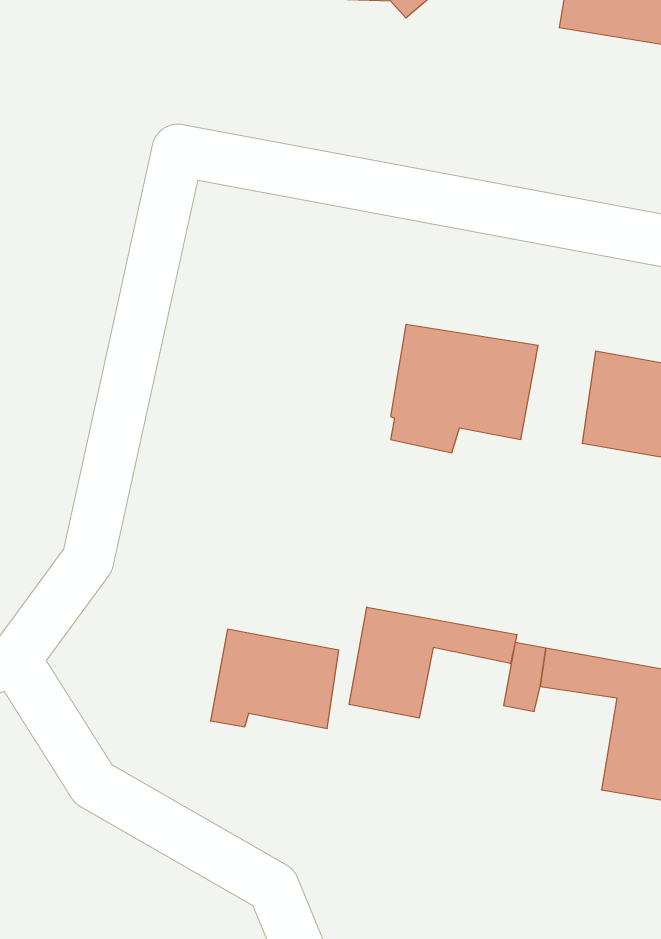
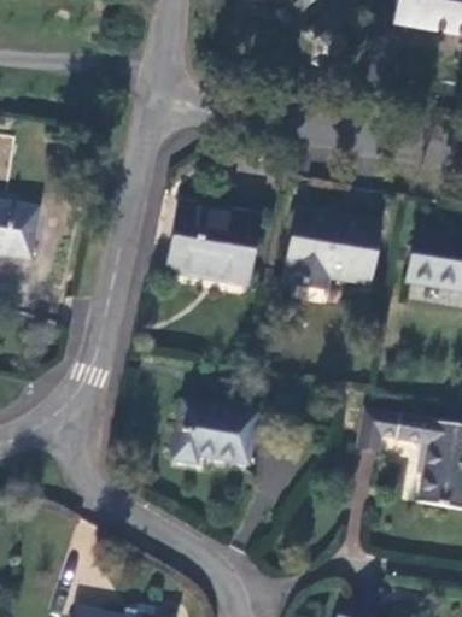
building: none -> [168,204,259,288]
building: [349,607,517,718] -> none

